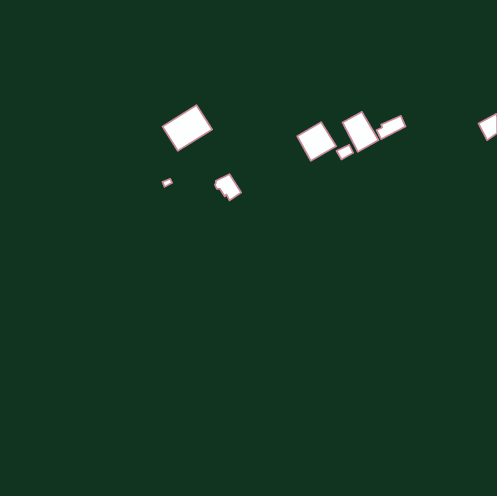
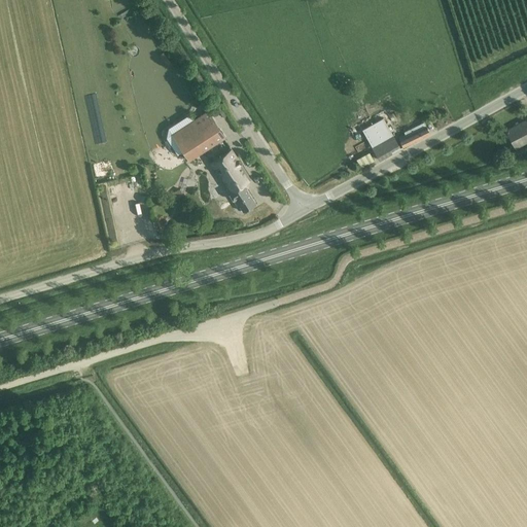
building: [297,122,336,161] -> none
building: none -> [210,150,250,192]

